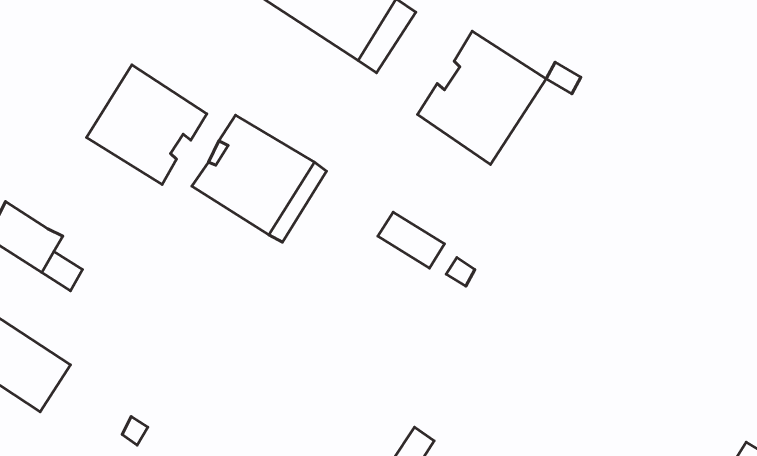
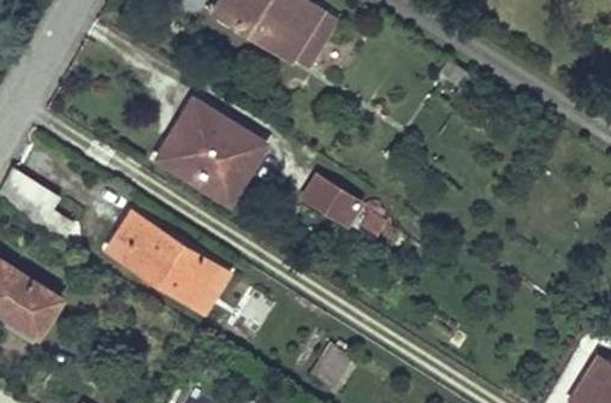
building: [418,31,546,165] -> none
building: [87,65,207,185] -> none
building: none -> [107,213,226,312]

